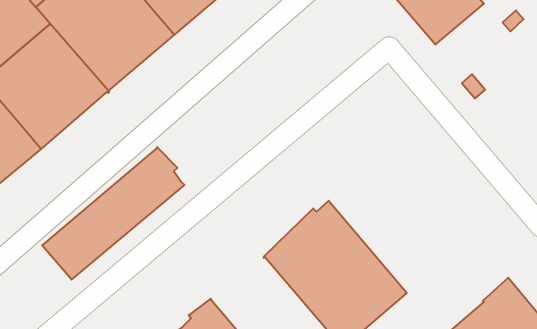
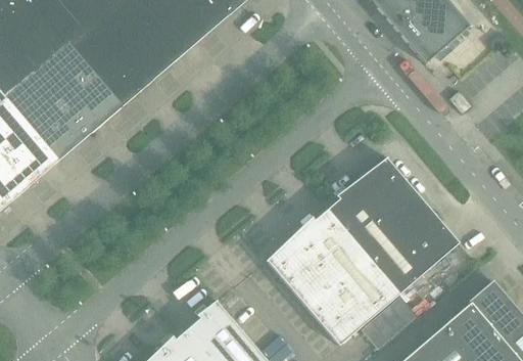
building: none -> [326,156,459,295]
building: [42,147,184,280] -> none

